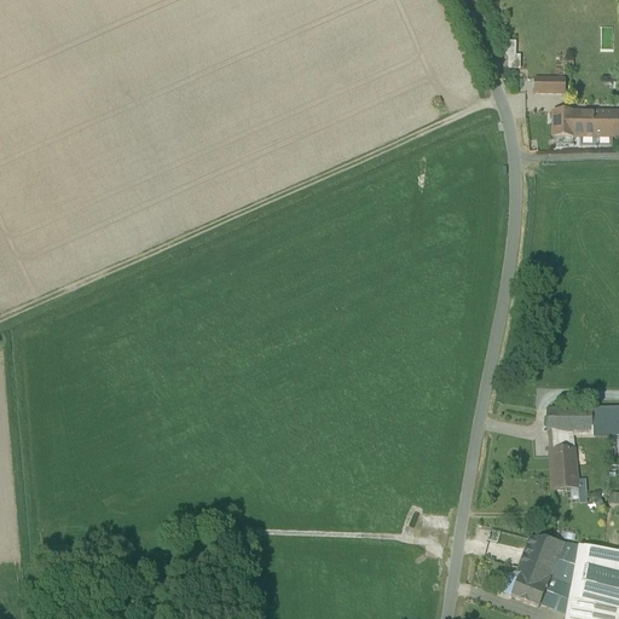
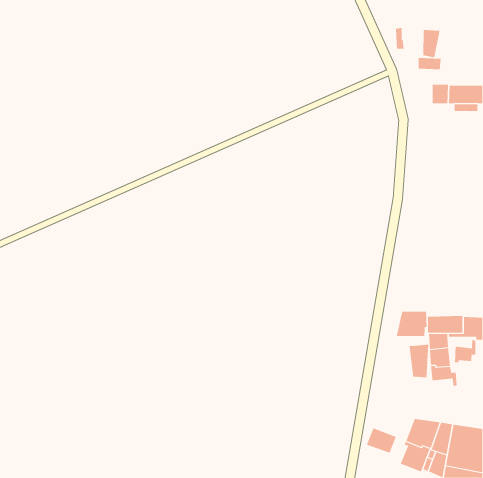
building: none -> [423,29,440,58]
building: none -> [396,311,427,337]
building: none -> [455,339,476,363]
building: none -> [408,344,429,378]
building: none -> [367,427,396,453]

